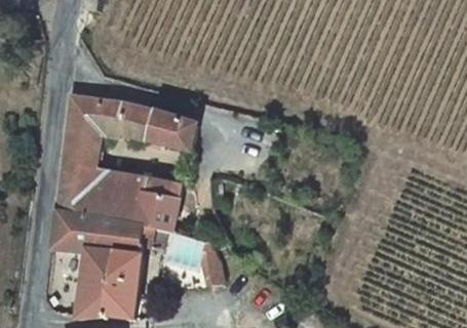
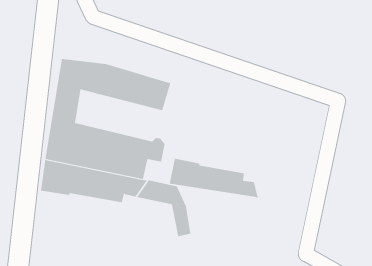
building: none -> [169,158,258,199]
building: [74,243,145,312] -> none

